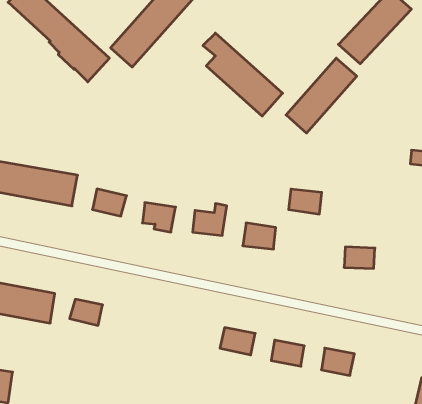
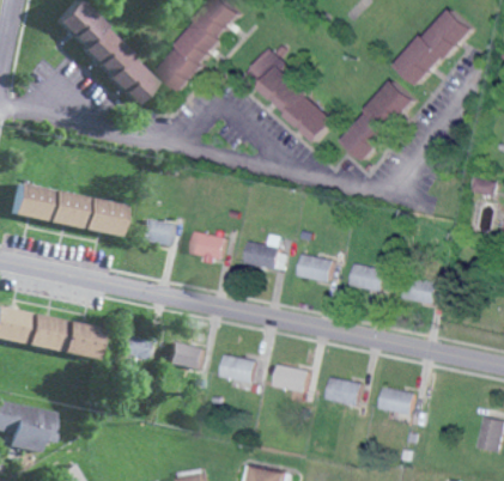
building: [289,189,322,214] -> [350,263,384,290]
building: none -> [168,343,201,367]
building: none -> [219,353,255,382]

